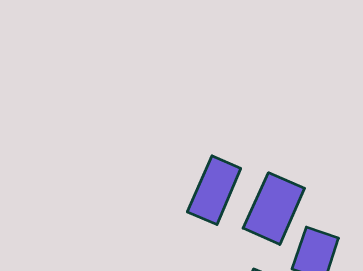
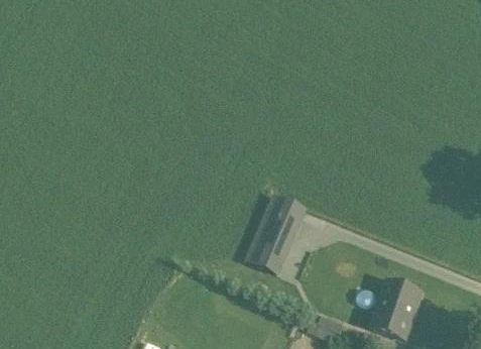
building: [243,173,305,245] -> none

